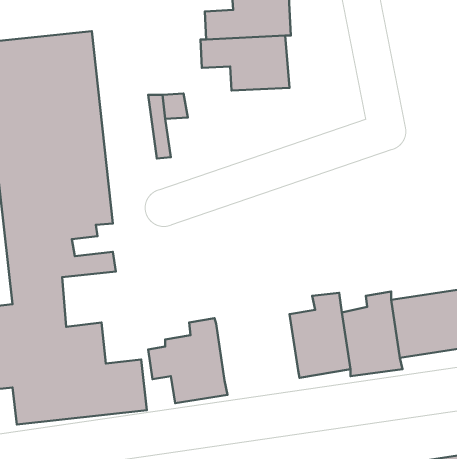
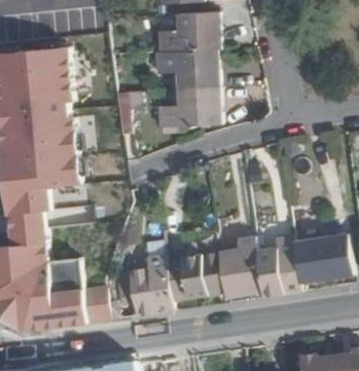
building: none -> [154,86,217,126]
building: none -> [163,251,222,299]

